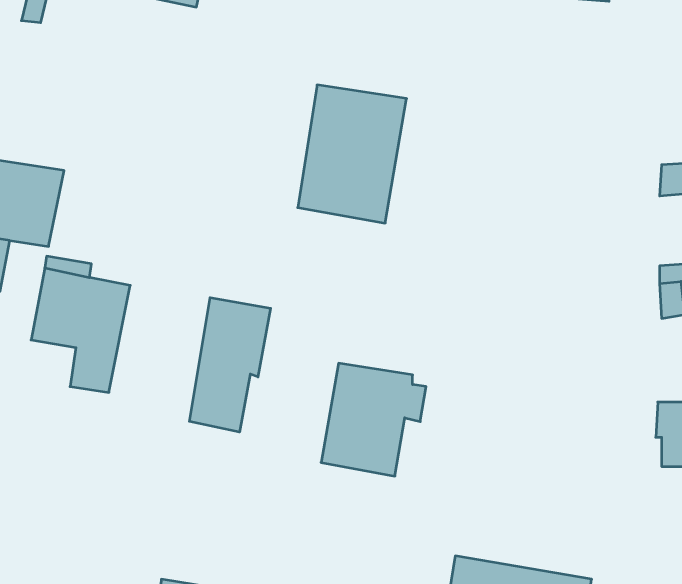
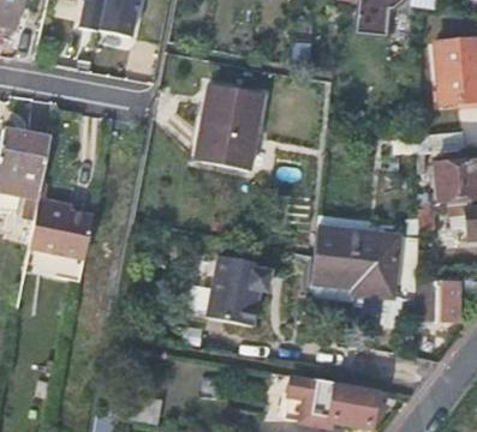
building: [189,298,271,432] -> none
building: none -> [312,227,400,288]

